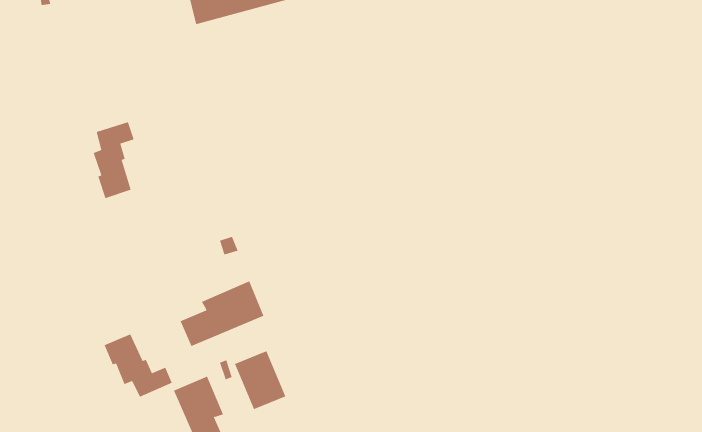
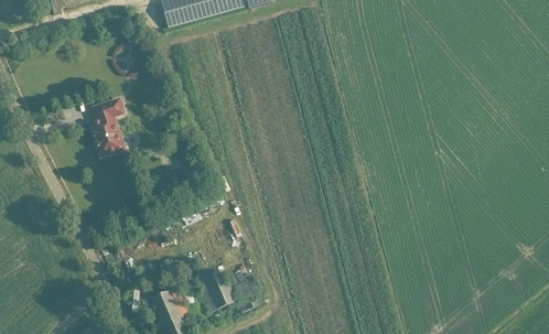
building: [180,281,264,347] -> none
building: [104,333,172,397] -> none

